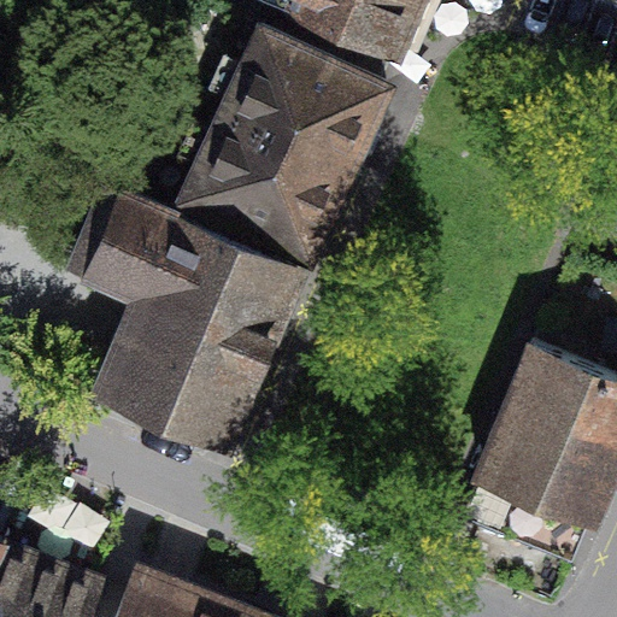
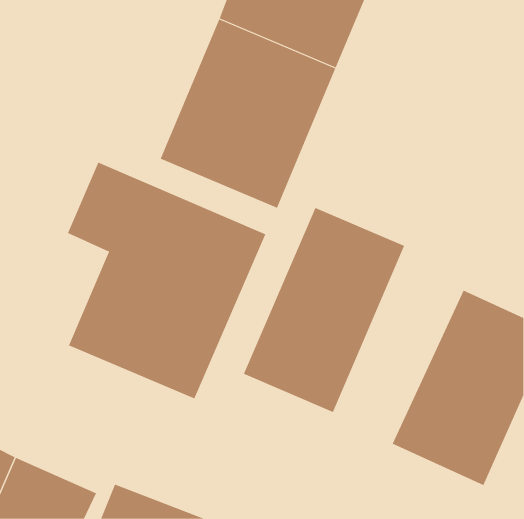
building: none -> [243,207,405,413]

